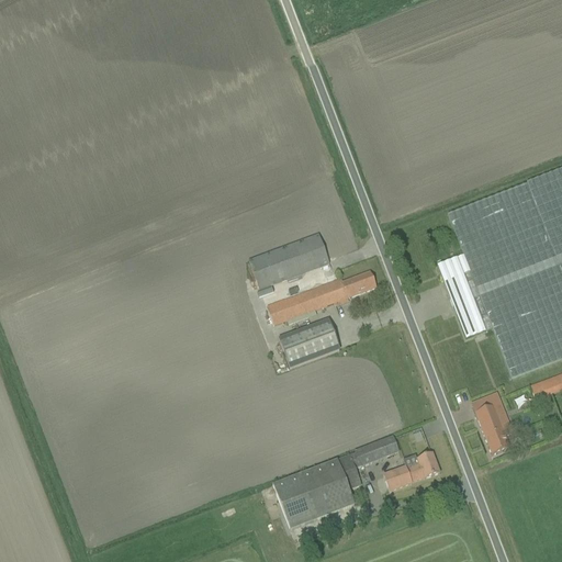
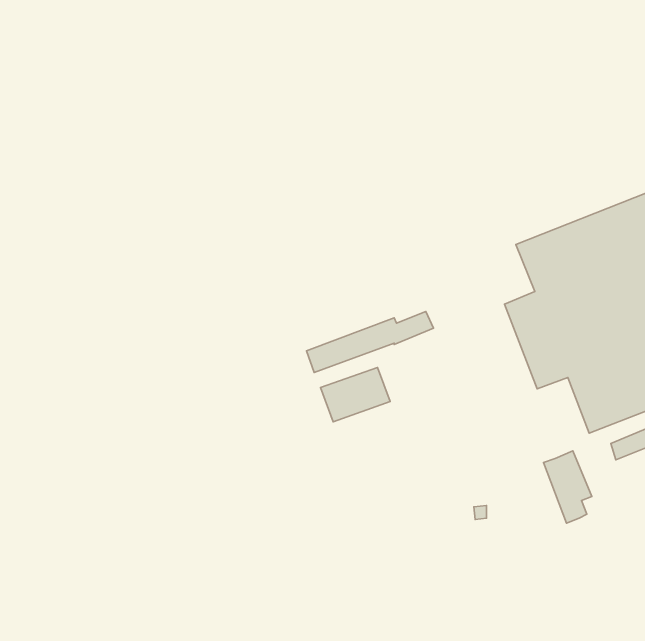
building: [250,233,330,288] -> none
building: [277,435,401,527] -> none
building: [384,451,441,490] -> none

